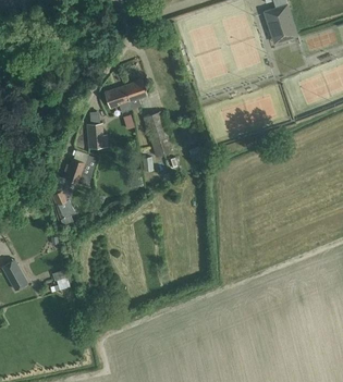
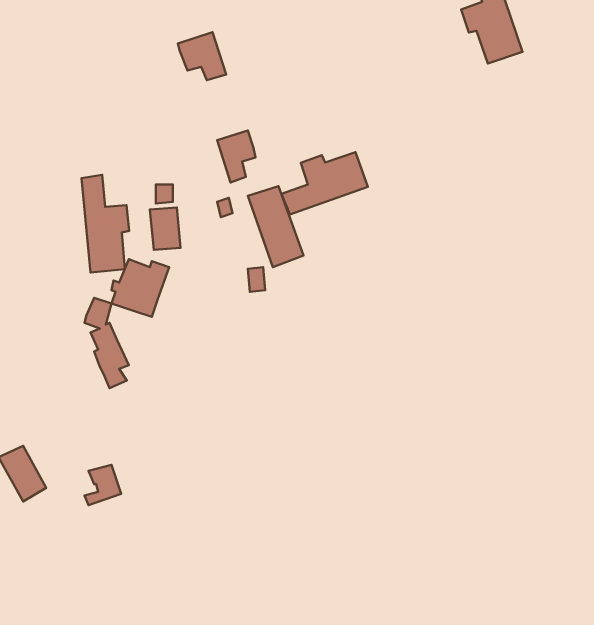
building: [106,86,133,113] -> [178,32,226,80]
building: none -> [281,152,368,214]
building: none -> [81,175,129,273]

